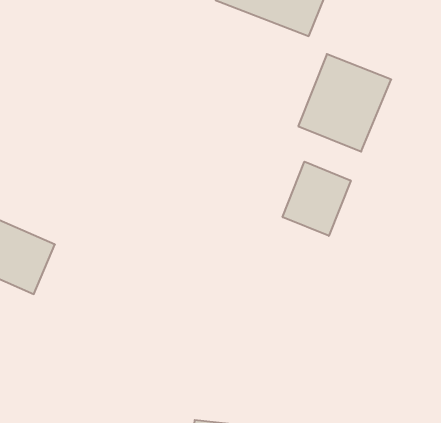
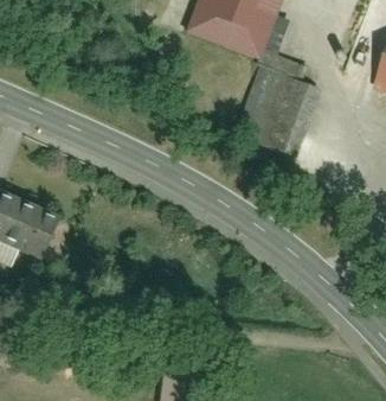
building: [283,162,351,236] -> none

